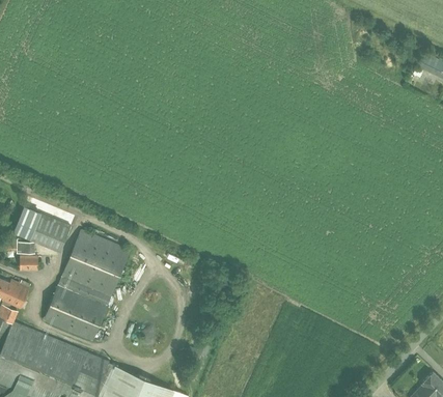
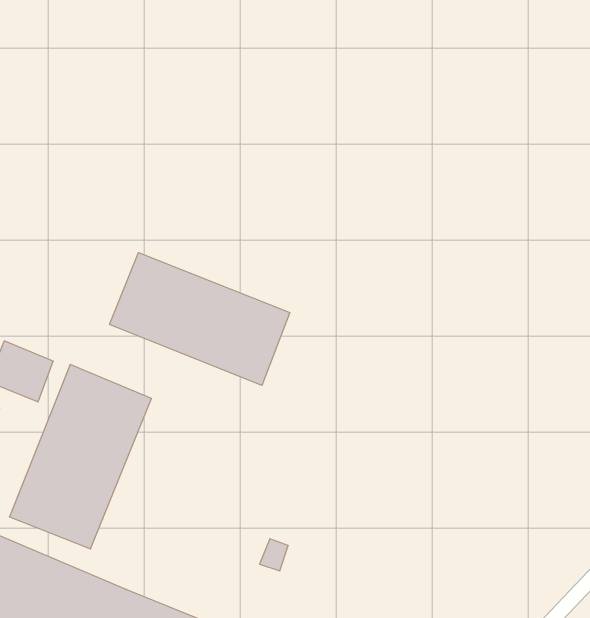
building: none -> [109,253,290,385]

